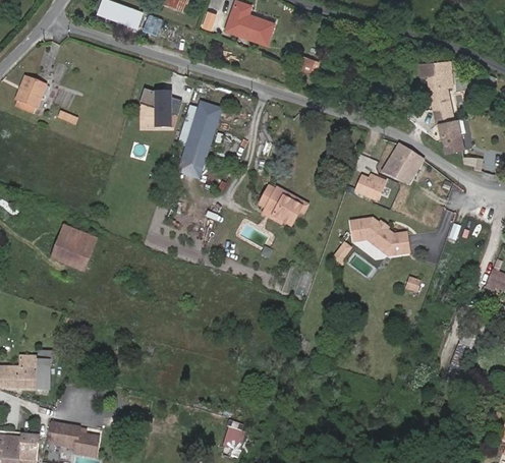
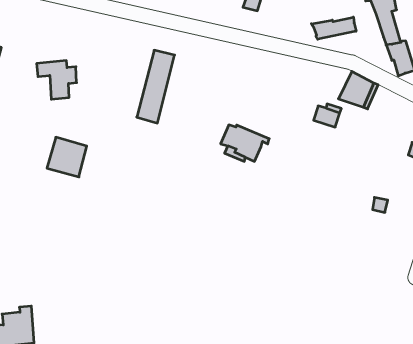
building: none -> [311,17,356,39]
building: [141,90,180,127] -> [37,61,77,99]
building: [351,219,409,255] -> none
building: [52,227,95,270] -> [47,137,87,177]

